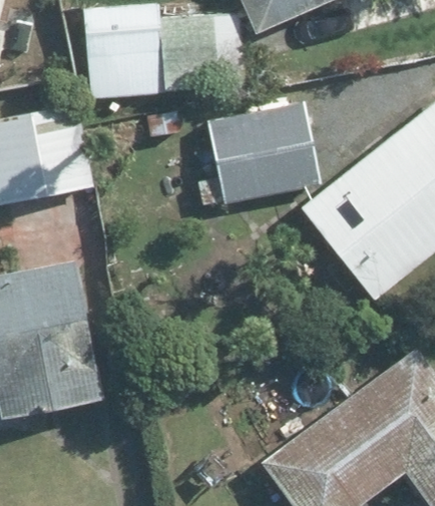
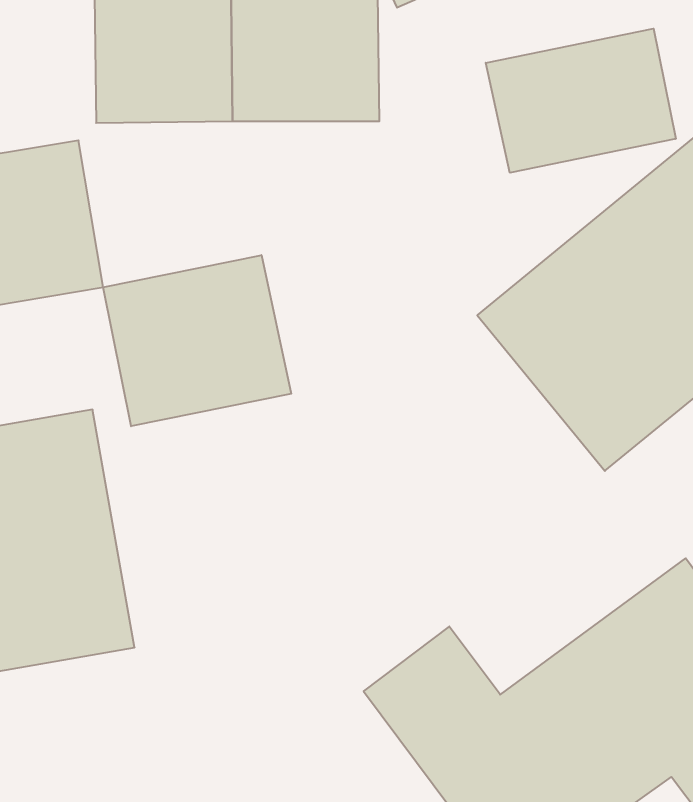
building: none -> [486,29,676,173]
building: [192,106,317,210] -> none
building: none -> [103,255,291,426]

